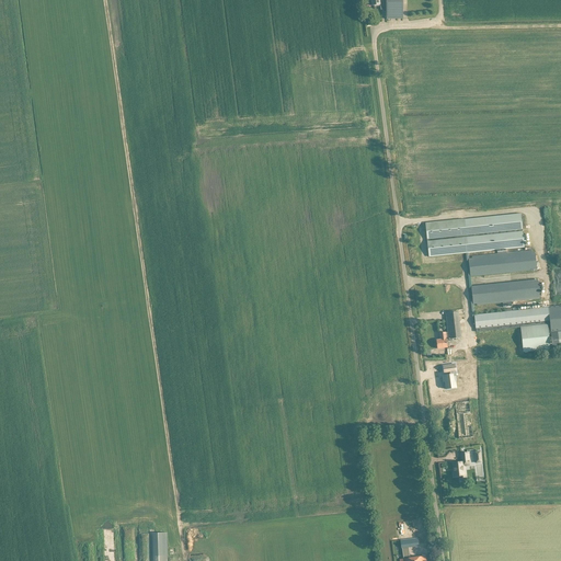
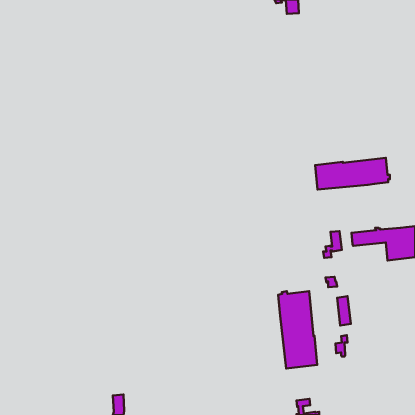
building: [469,248,537,275] -> none
building: [471,278,541,307] -> none
building: none -> [278,291,317,368]

